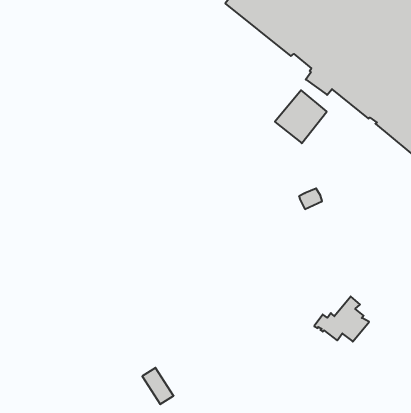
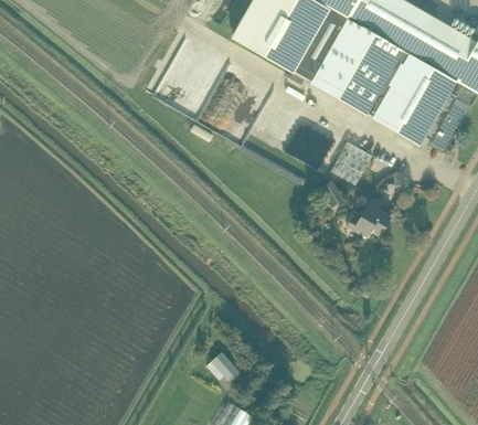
building: [275,90,327,143] -> [330,141,372,185]
building: [314,296,369,342] -> [346,198,391,236]

